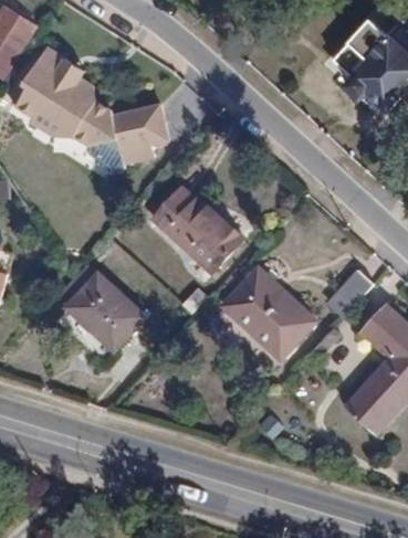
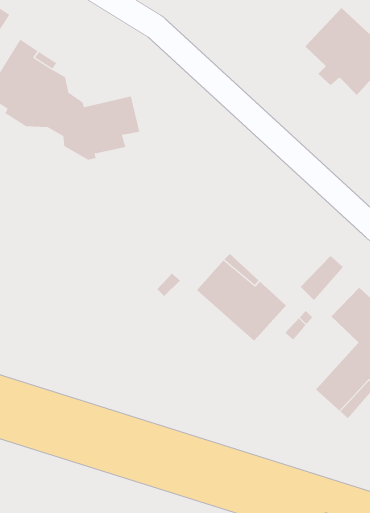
building: [153,188,245,273] -> none
building: [60,264,146,350] -> none

